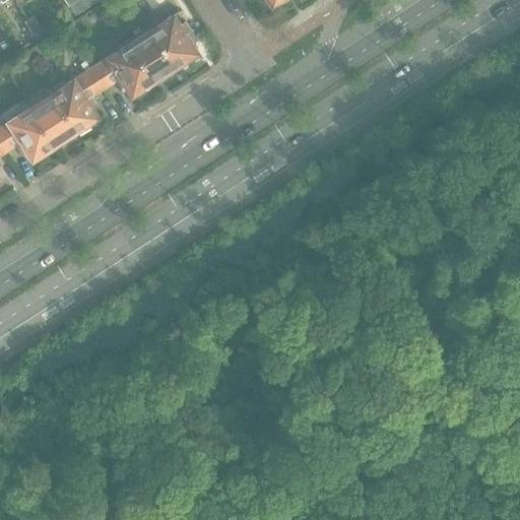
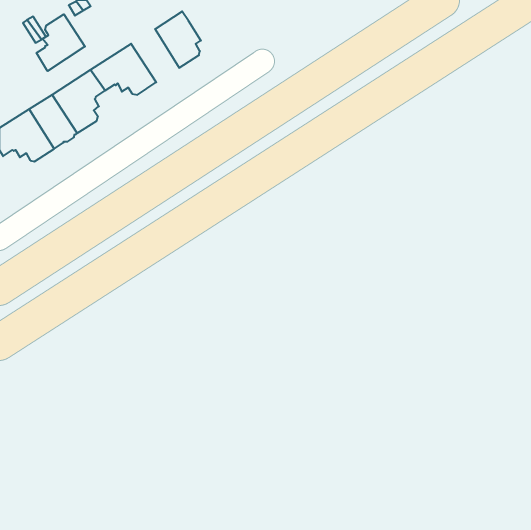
building: none -> [37,14,85,71]
building: [128,30,175,82] -> none

